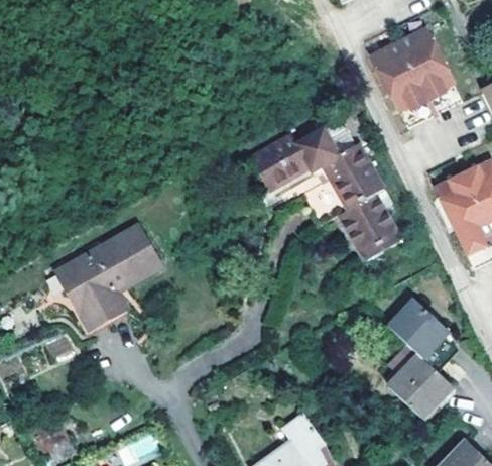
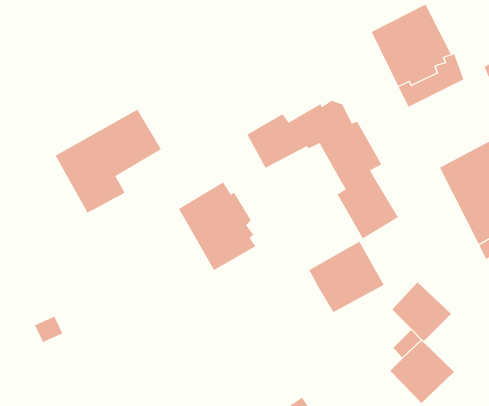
building: none -> [178,181,256,271]
building: [54,229,158,331] -> [55,109,162,214]
building: none -> [309,241,385,313]

